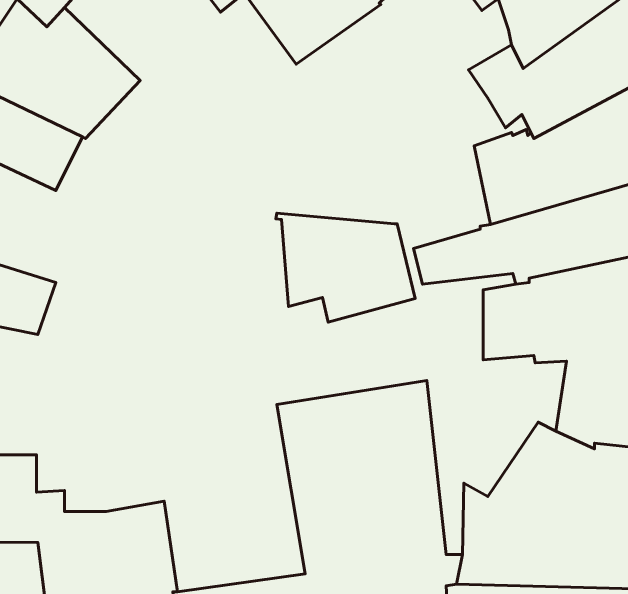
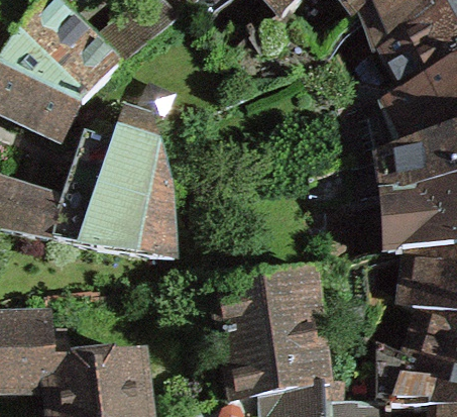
building: none -> [54,111,178,257]
building: [276,213,415,322] -> none

